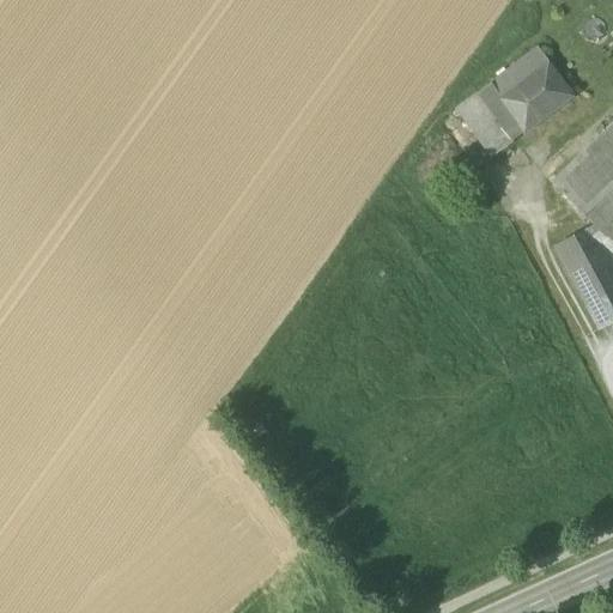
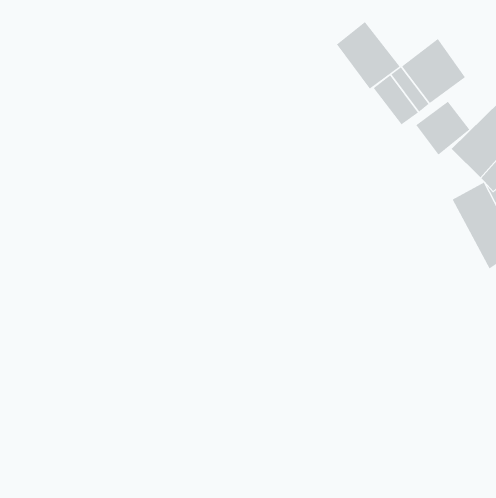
building: none -> [336,21,401,90]
building: none -> [416,101,470,155]

